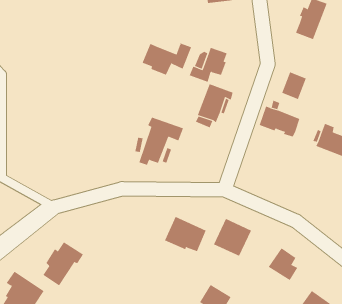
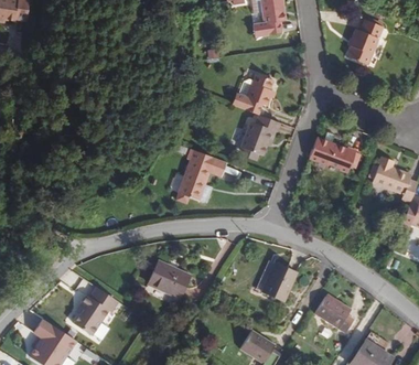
building: [142,42,192,75] -> none
building: [282,72,306,100] -> none
building: [164,216,207,252] -> [143,257,190,296]

